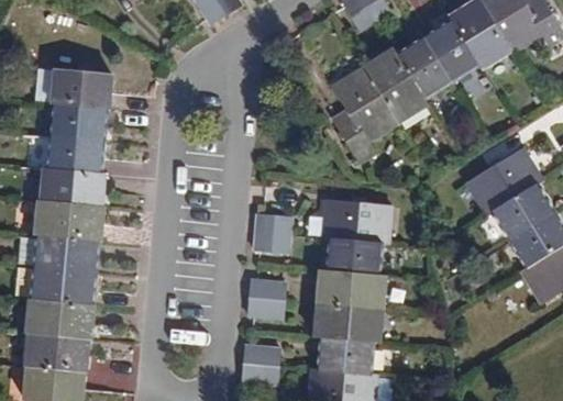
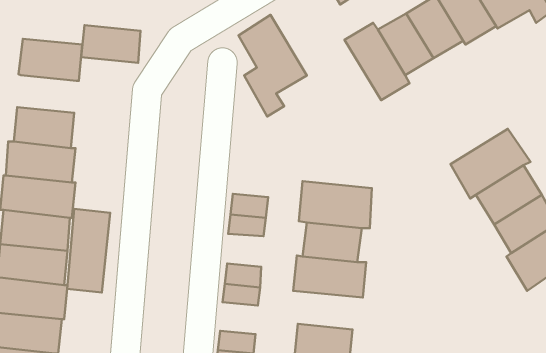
building: [334,63,400,160] -> [239,15,307,116]
building: [49,97,107,133] -> [81,25,140,63]
building: none -> [67,209,110,292]
building: [312,304,383,343] -> none

